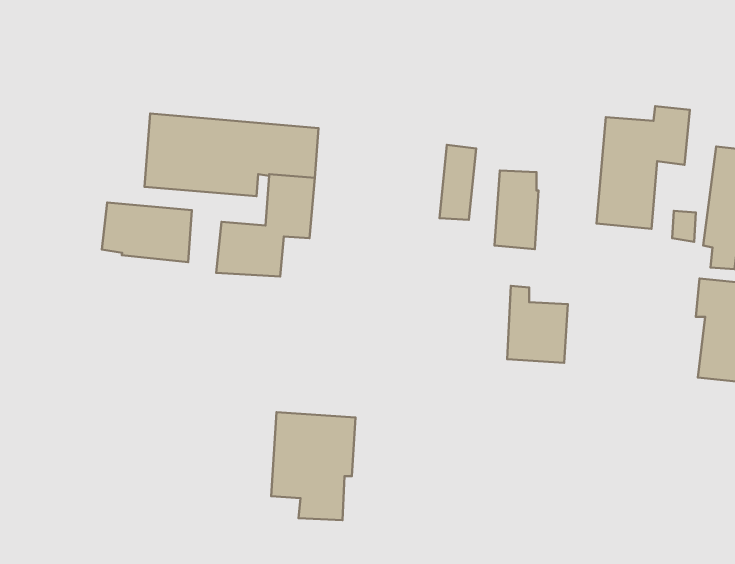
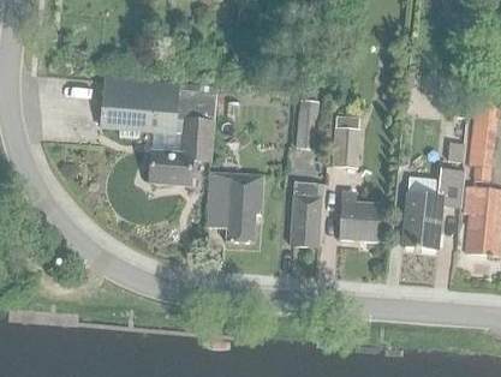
building: [597,106,690,229] -> [402,168,464,249]
building: [102,202,192,262] -> none
building: none -> [290,181,323,246]
building: [271,412,355,520] -> [208,172,263,243]

